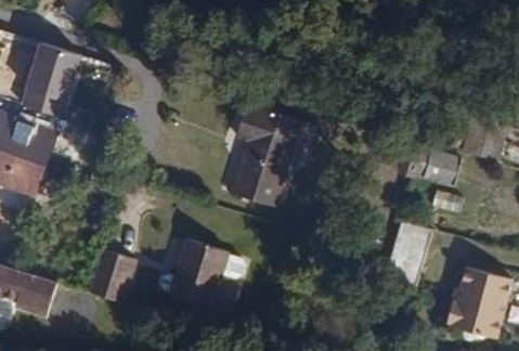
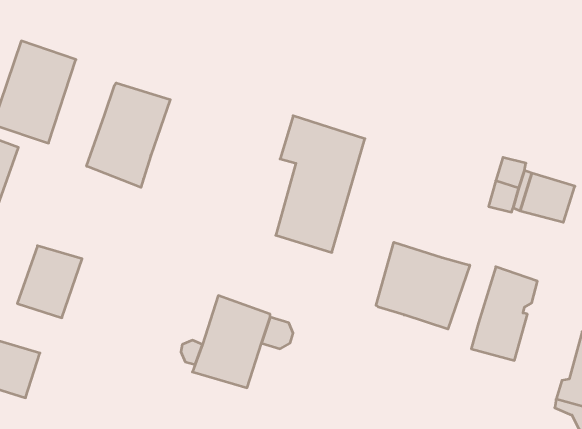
building: none -> [87,83,170,187]
building: none -> [376,242,470,329]
building: [88,250,137,304] -> [17,246,82,318]

